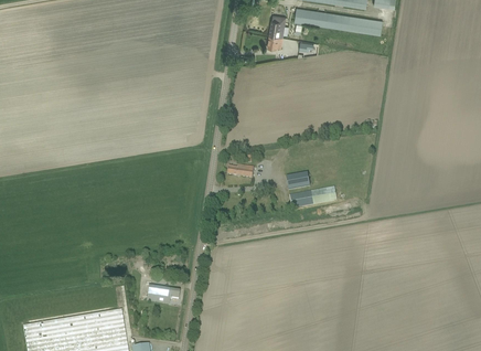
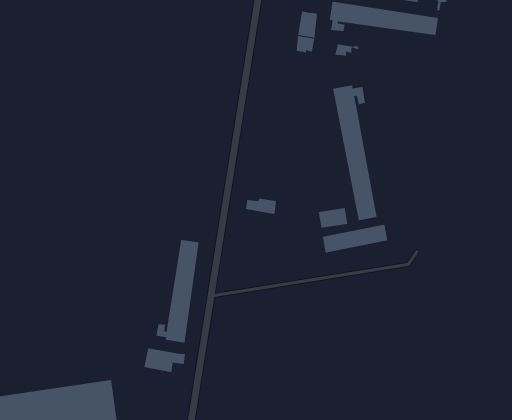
building: none -> [333,85,377,221]
building: none -> [156,239,199,343]

